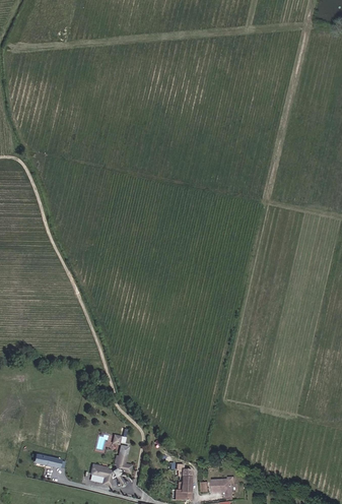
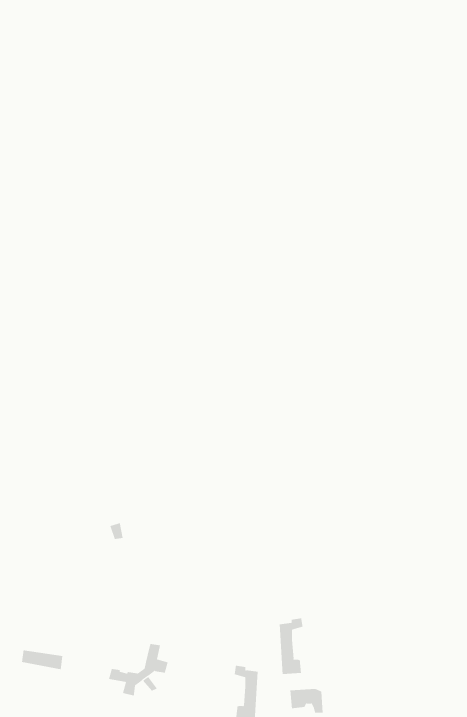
building: none -> [279,618,303,675]

